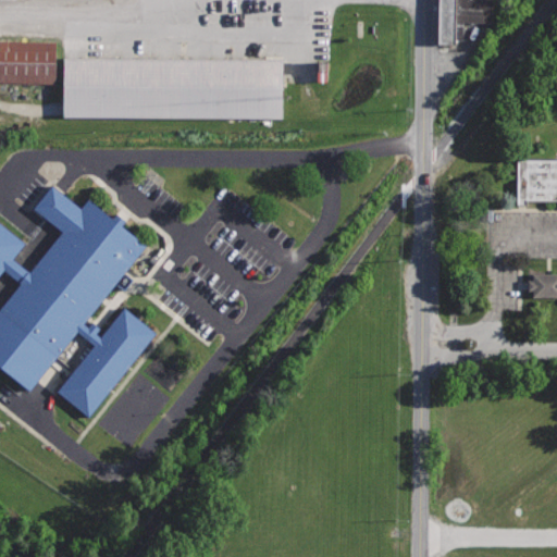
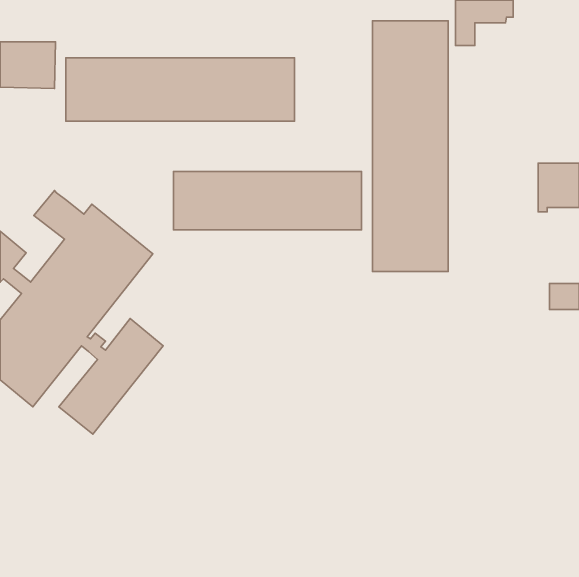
building: none -> [373,21,448,272]
building: none -> [174,172,362,230]

